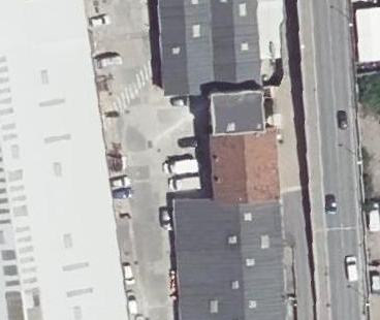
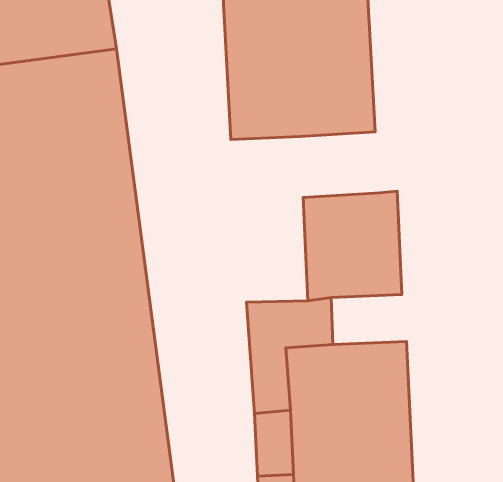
building: [211,88,263,131] -> none
building: [231,195,281,228] -> none

